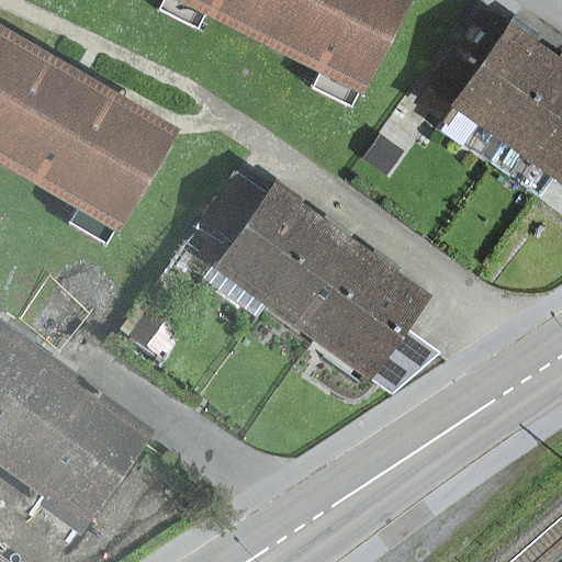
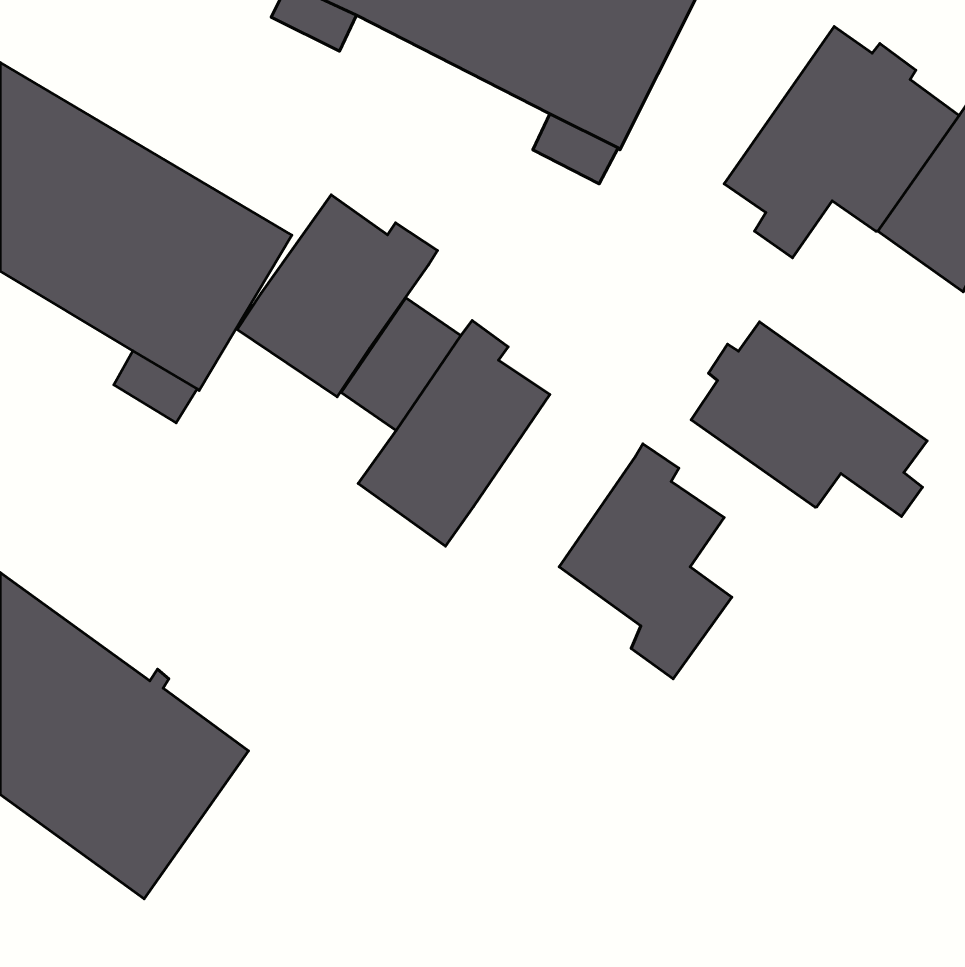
building: none -> [237,195,438,397]
building: none -> [691,322,927,516]
building: [277,222,370,328] -> none

